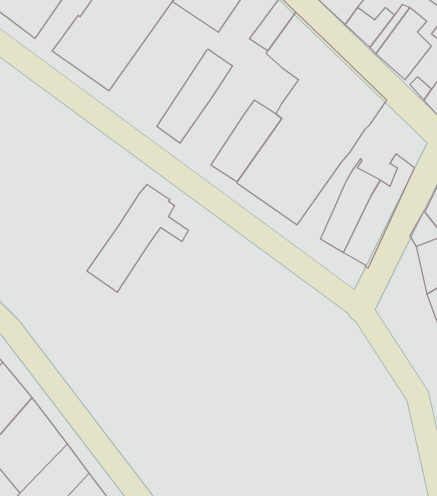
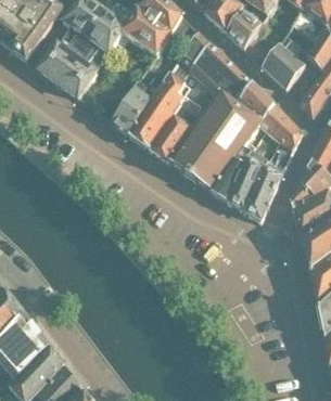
building: none -> [259,103,303,152]
building: none -> [212,141,256,202]
building: [87,184,188,292] -> [129,74,201,150]

